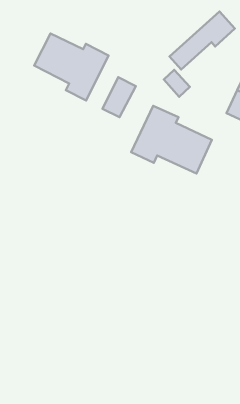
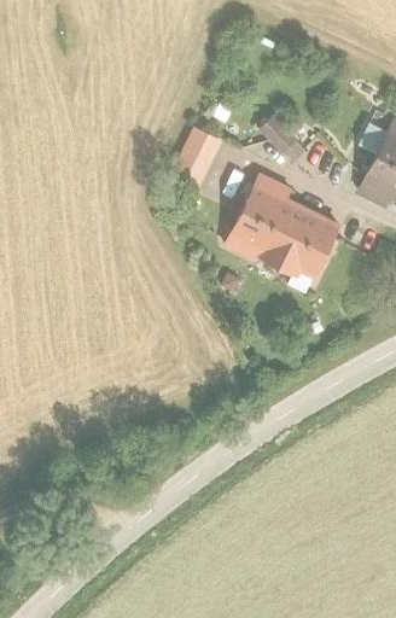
building: [169,11,235,69] -> none
building: [34,33,108,101] -> none

